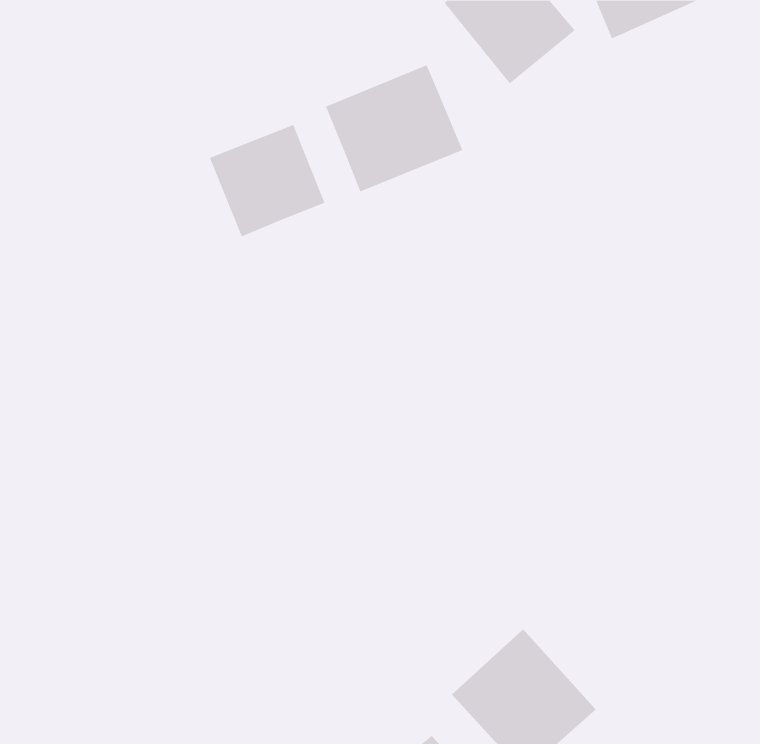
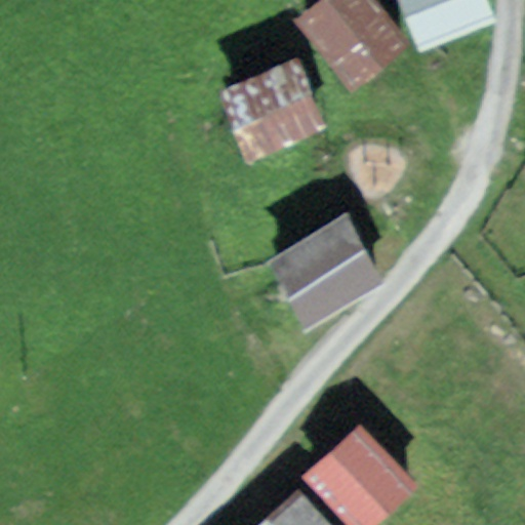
building: [209,124,325,237] -> none
building: none -> [277,213,375,307]

